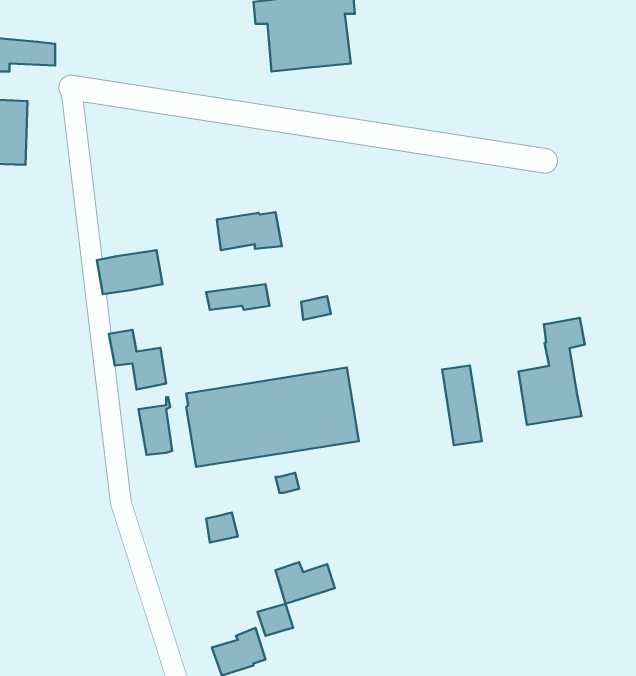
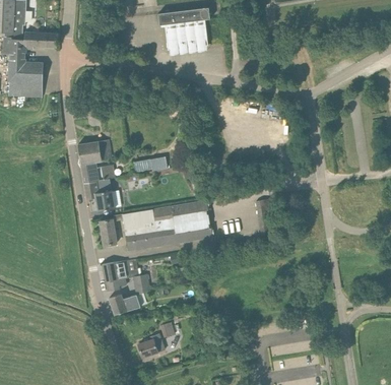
building: [217,212,282,250] -> none
building: none -> [81,161,115,183]
building: [519,318,585,425] -> none
building: none -> [103,260,131,291]
building: [275,562,335,604] -> [110,294,140,315]

